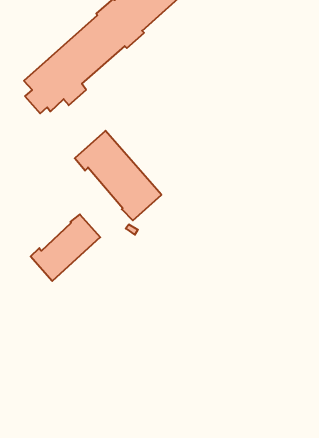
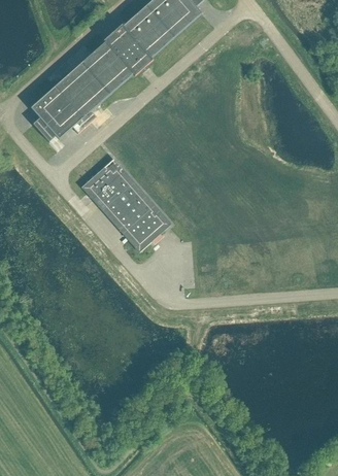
building: [31,214,100,281] -> none

